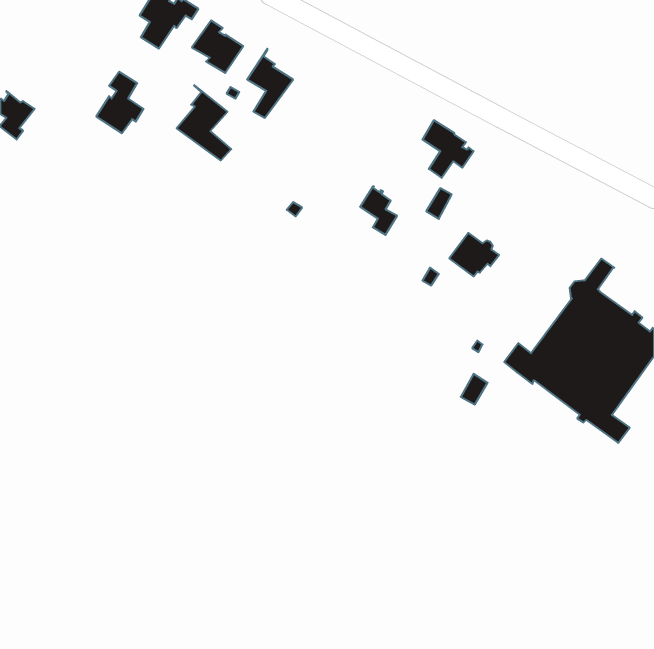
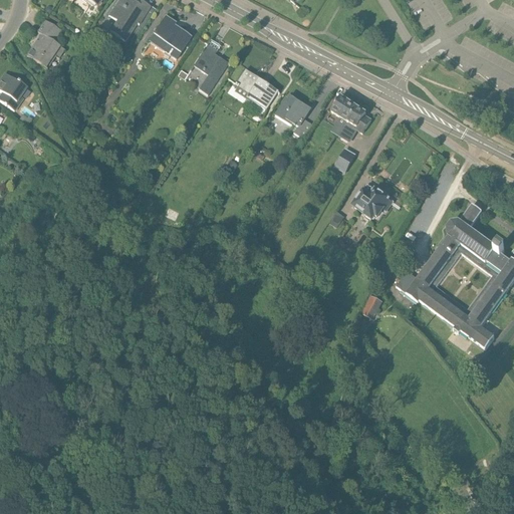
building: [96,72,144,133] -> [27,19,64,67]
building: [177,85,231,160] -> none
building: none -> [235,73,278,108]
building: [360,186,397,235] -> [283,99,312,138]

